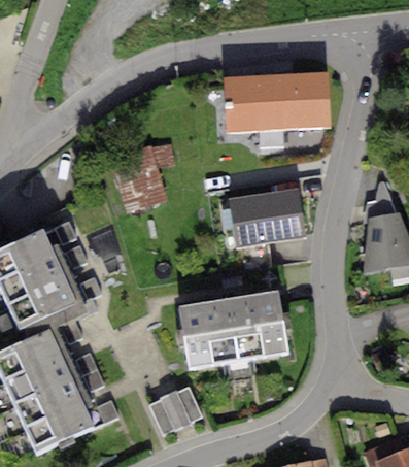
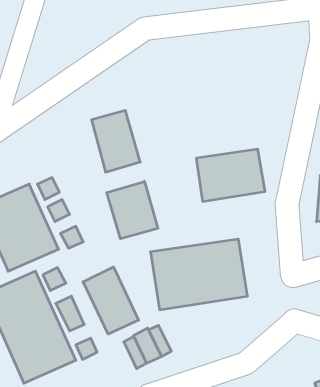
building: [223,72,330,132] -> none
building: none -> [107,181,158,239]
building: none -> [83,267,139,334]

